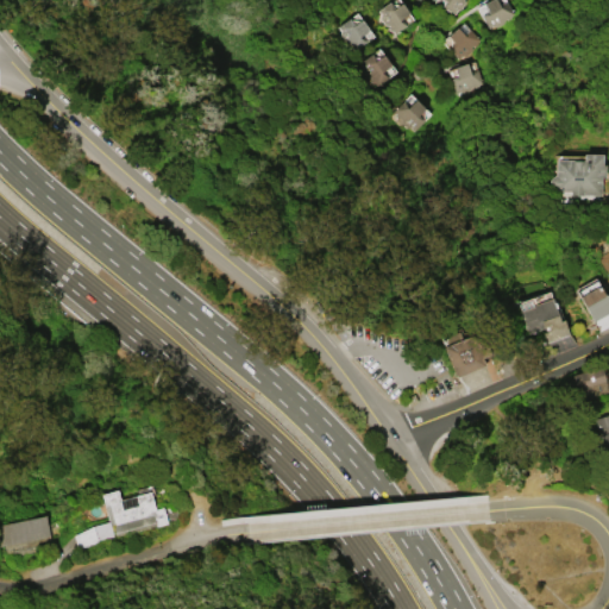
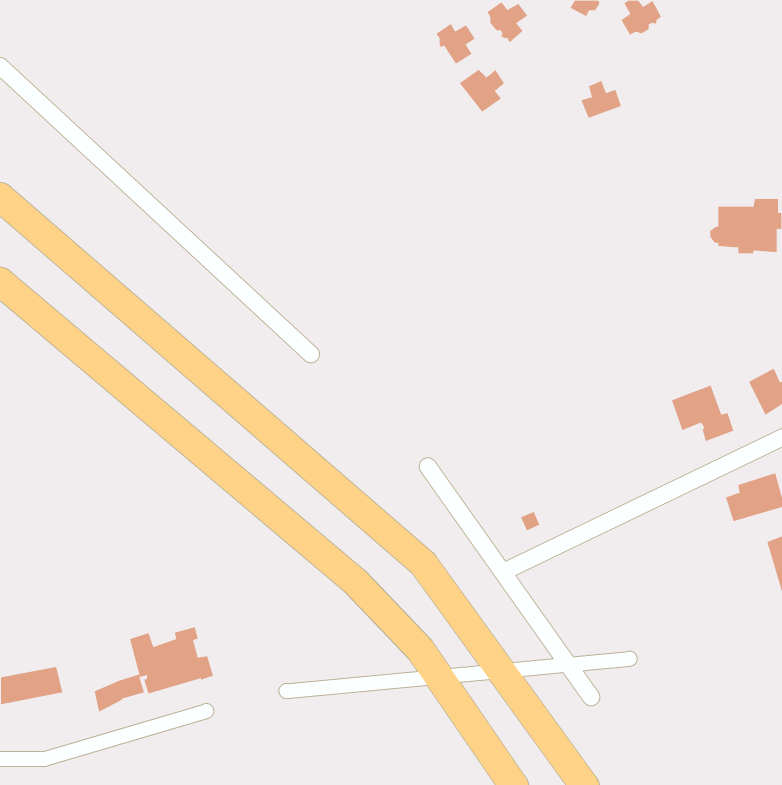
building: [451,27,482,59] -> none
building: [396,100,427,132] -> none
building: [445,331,494,378] -> none

